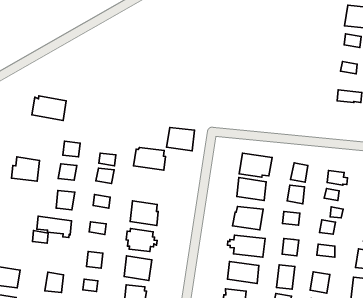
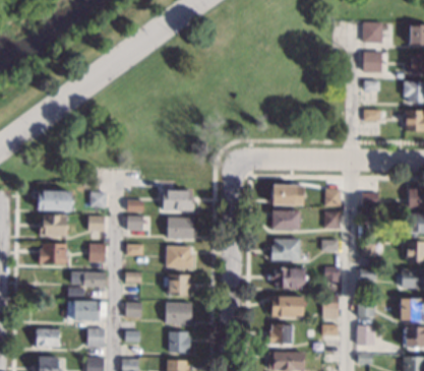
building: [32,96,66,120] -> [38,190,71,212]
building: [167,127,194,151] -> [167,219,193,240]
building: none -> [40,244,68,265]
building: none -> [65,301,107,321]

